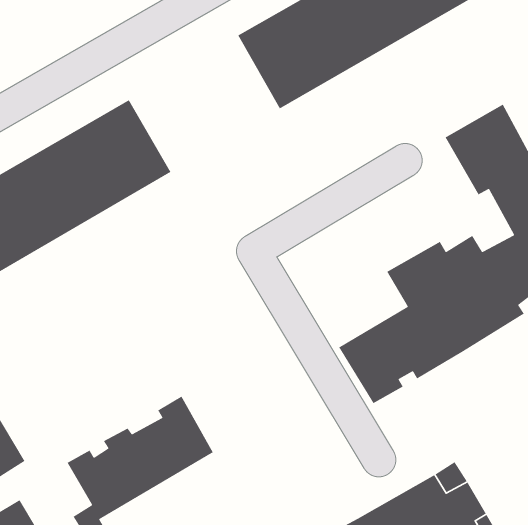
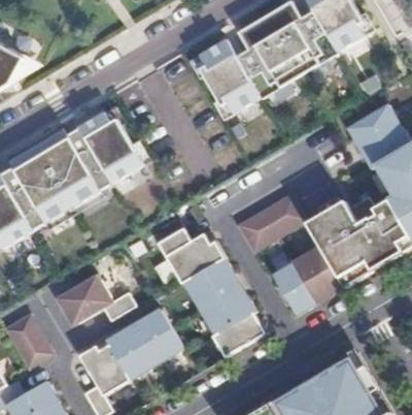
building: none -> [236,194,303,251]
building: none -> [156,229,264,358]
building: none -> [54,277,133,326]

